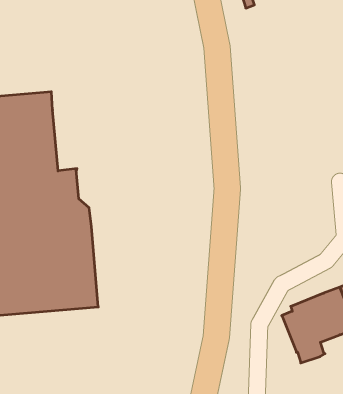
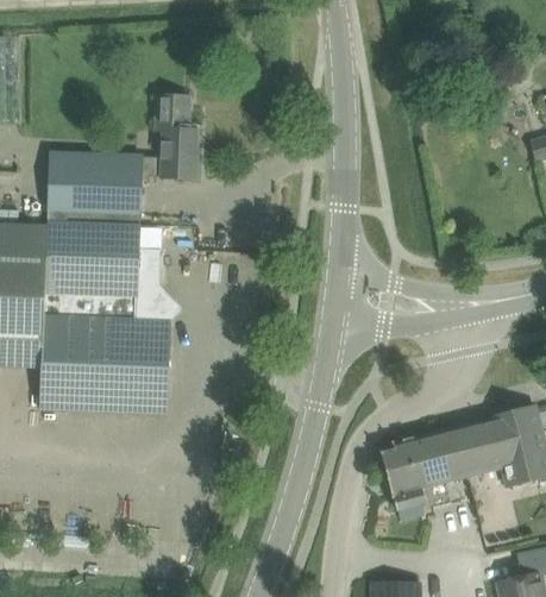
building: none -> [142,96,201,178]

